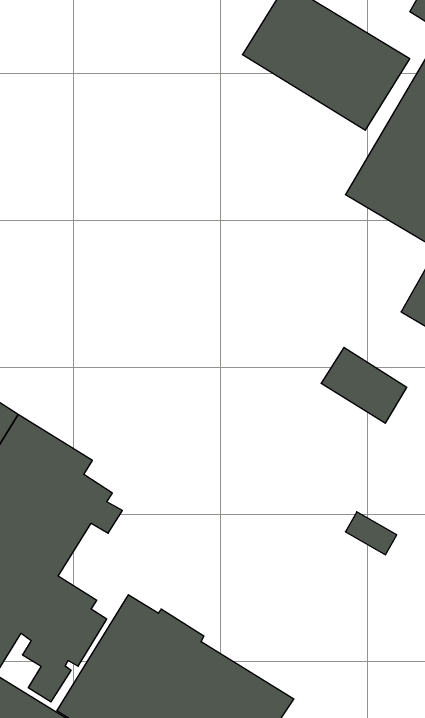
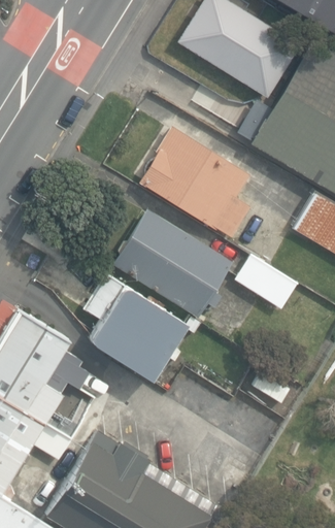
building: none -> [140,127,250,237]
building: none -> [114,209,234,318]
building: none -> [83,275,187,381]

